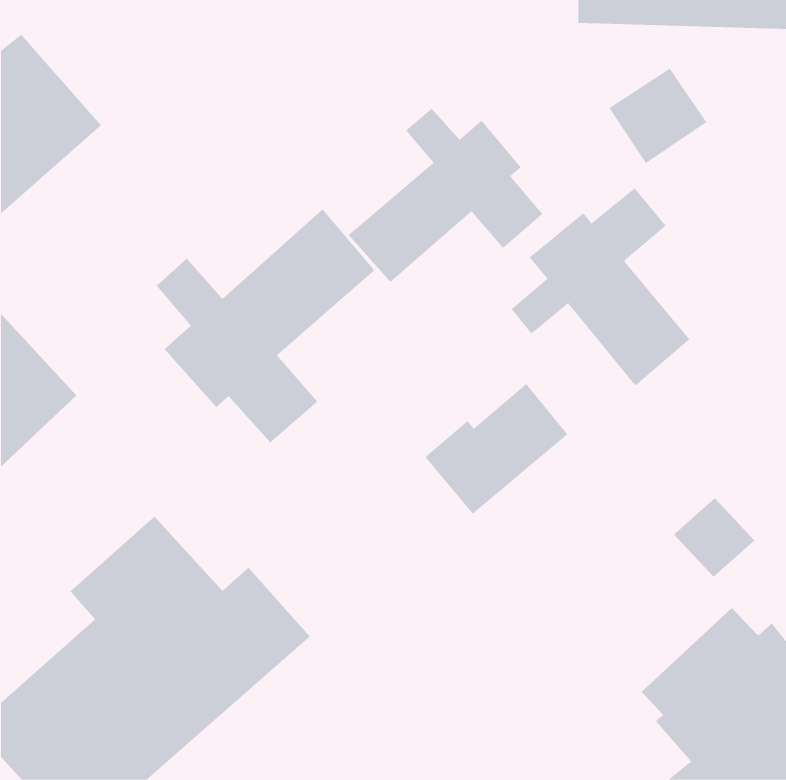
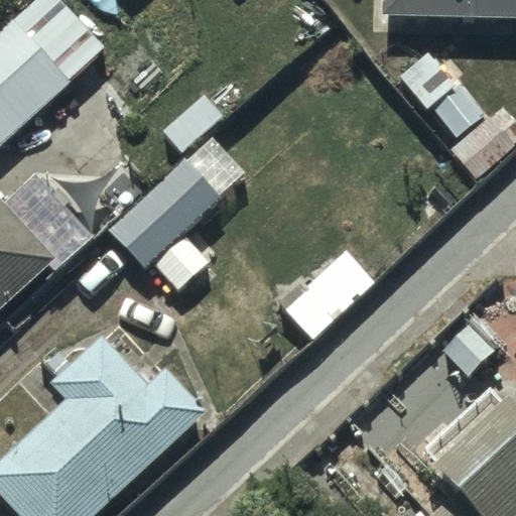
building: [348,108,543,283] -> none
building: [511,188,690,386] -> none

